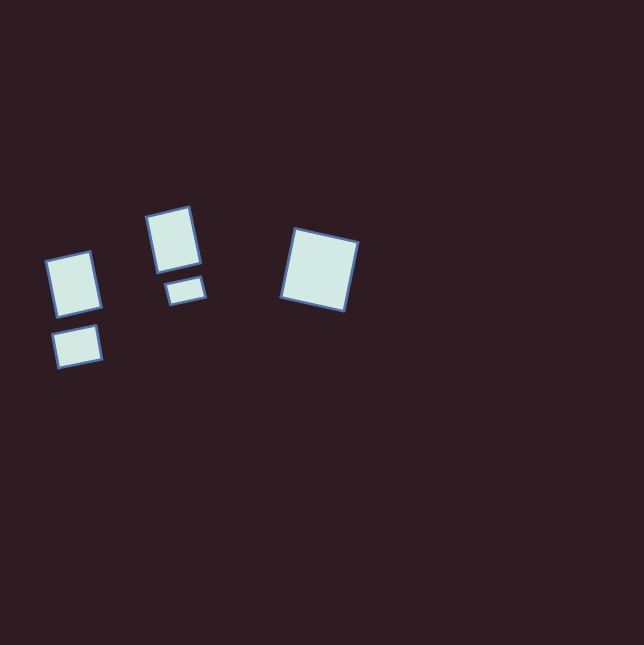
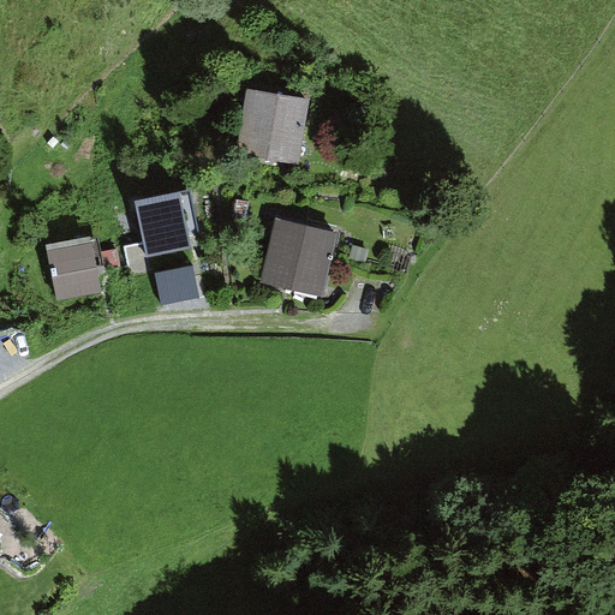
building: none -> [235,88,310,165]
building: [53,325,102,368] -> none

